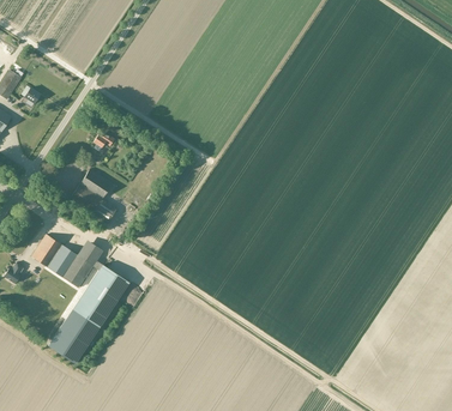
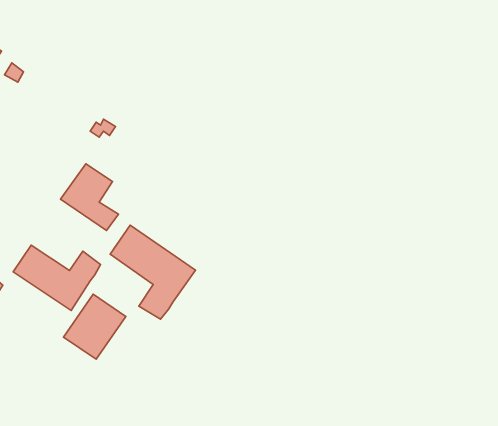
building: none -> [110,225,195,319]
building: [48,309,98,363] -> none

